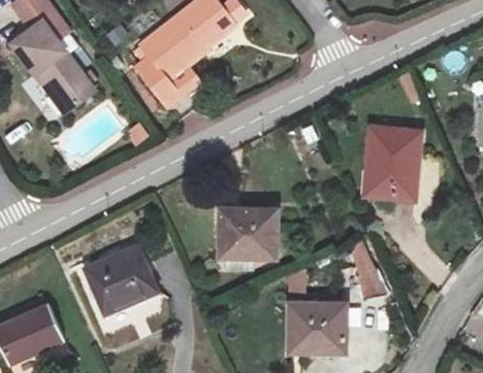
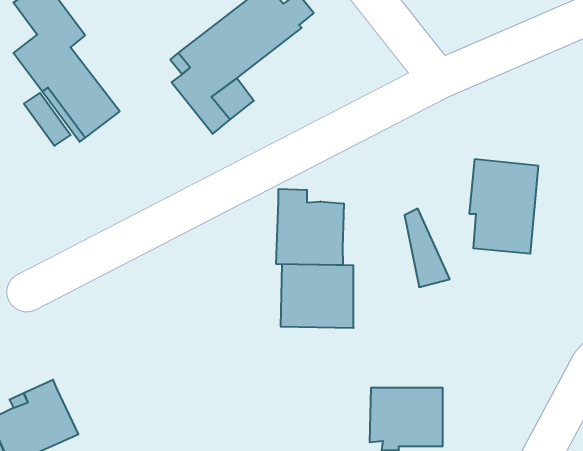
building: none -> [276,189,344,265]
building: [352,239,387,300] -> [404,209,450,287]
building: [82,244,158,316] -> none

